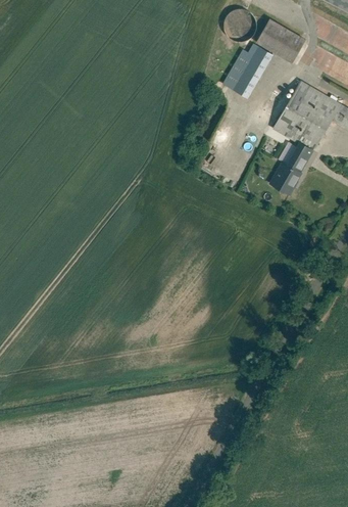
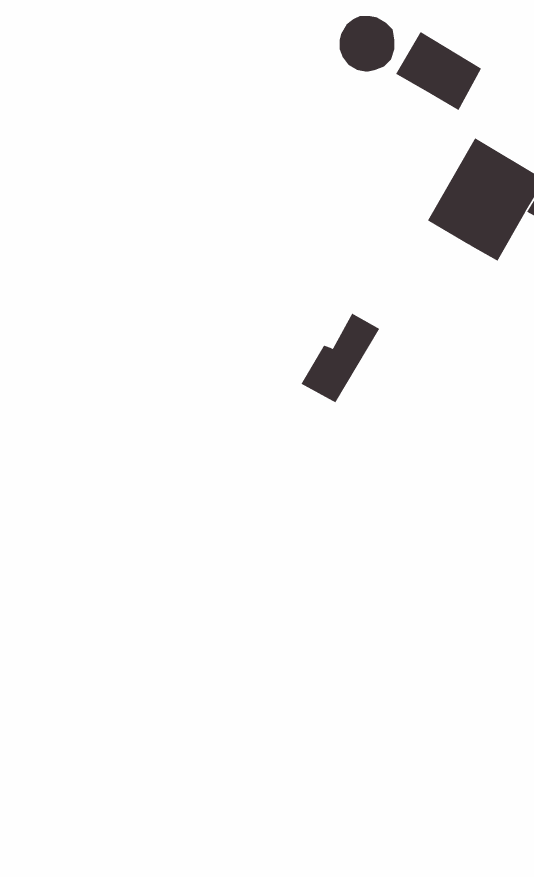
building: [221,43,274,99] -> none
building: [267,142,313,194] -> [301,313,380,403]

